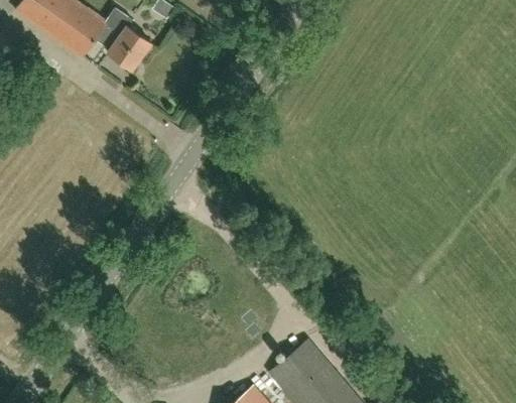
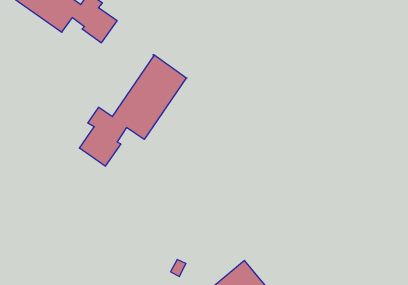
building: none -> [79,55,187,166]

